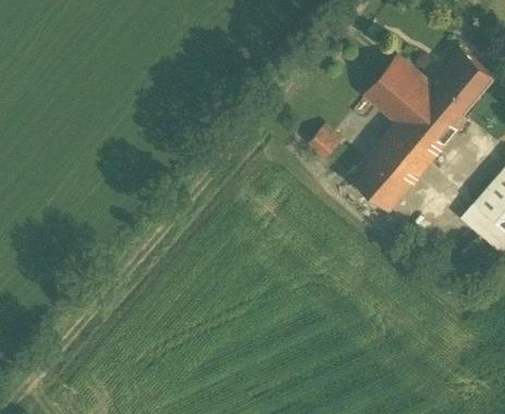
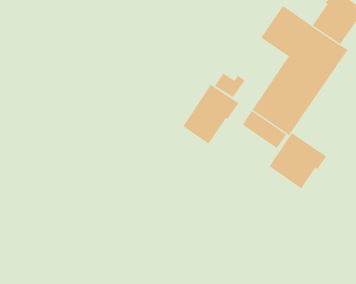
building: none -> [182,84,239,144]
building: none -> [269,132,327,189]

